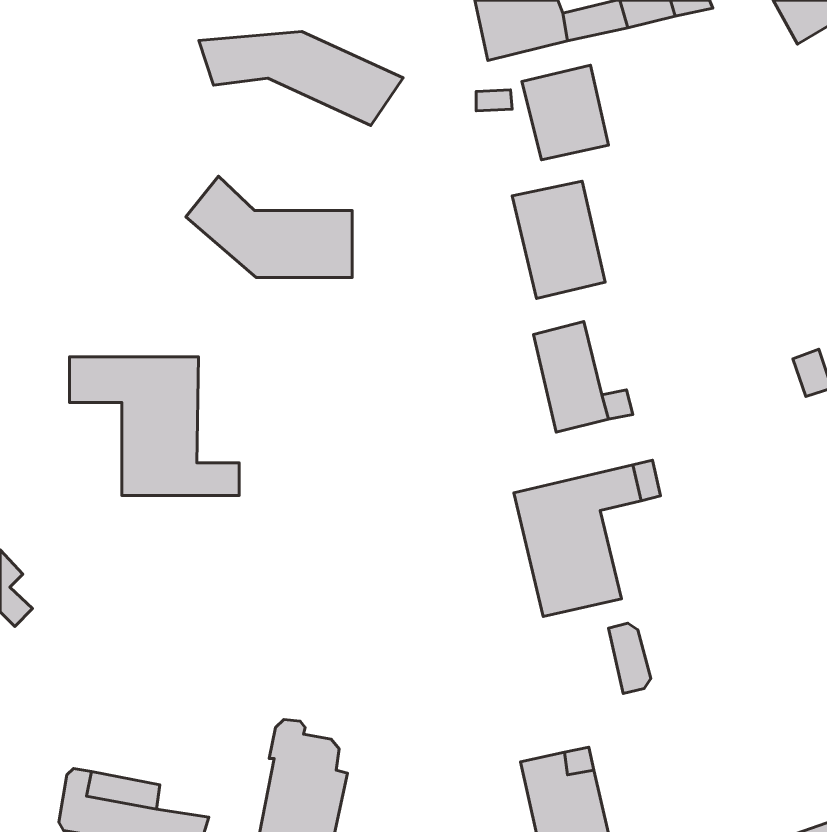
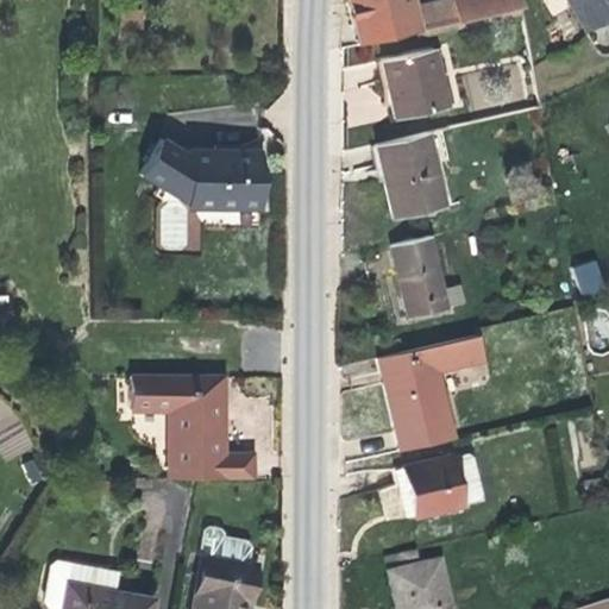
building: [199,32,403,125] -> none
building: [69,357,239,495] -> [134,377,258,478]
building: none -> [400,459,459,517]

